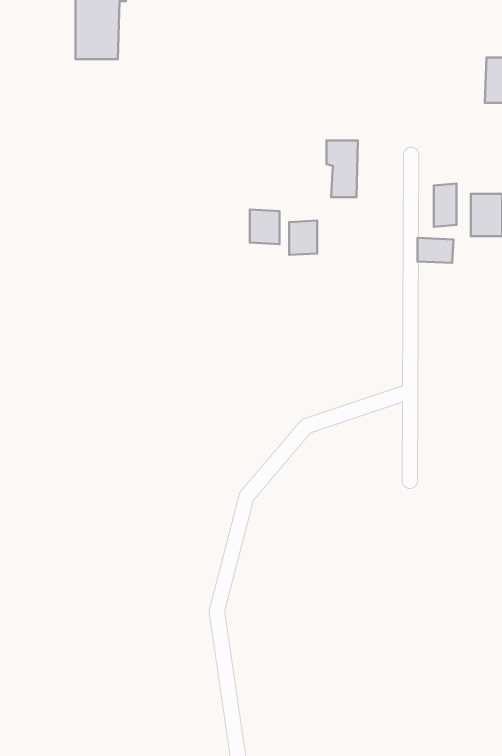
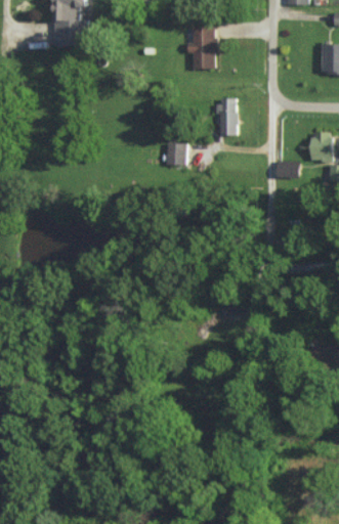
building: none -> [186,27,216,68]
building: [434,184,456,227] -> none
building: [289,220,317,255] -> none

